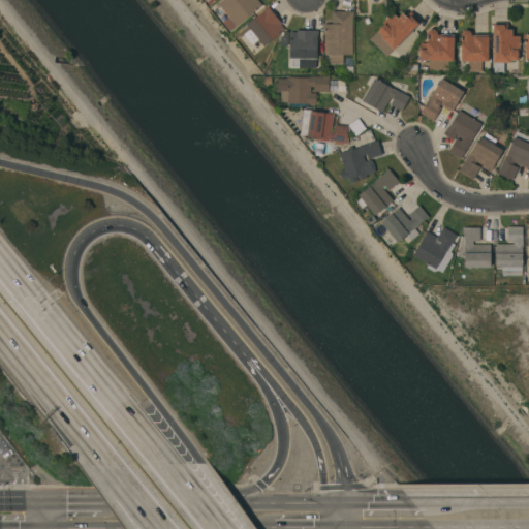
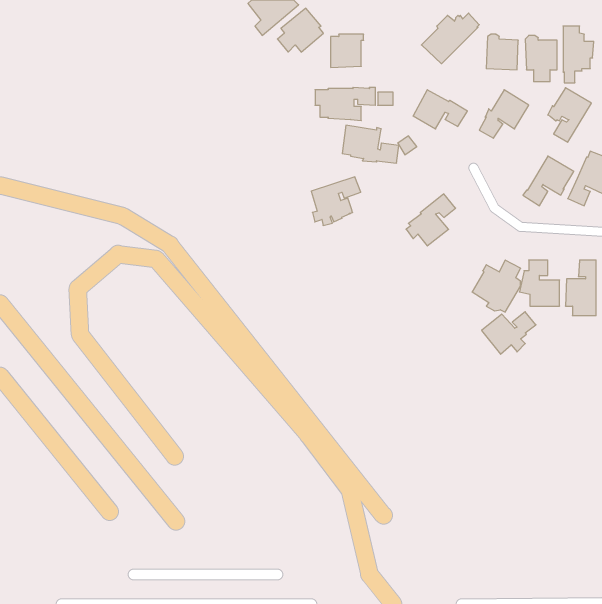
building: [324,11,353,64] -> none
building: [444,111,483,158] -> [548,88,591,142]
building: [340,141,383,183] -> [311,177,361,225]
building: [381,206,429,243] -> [482,312,536,354]

